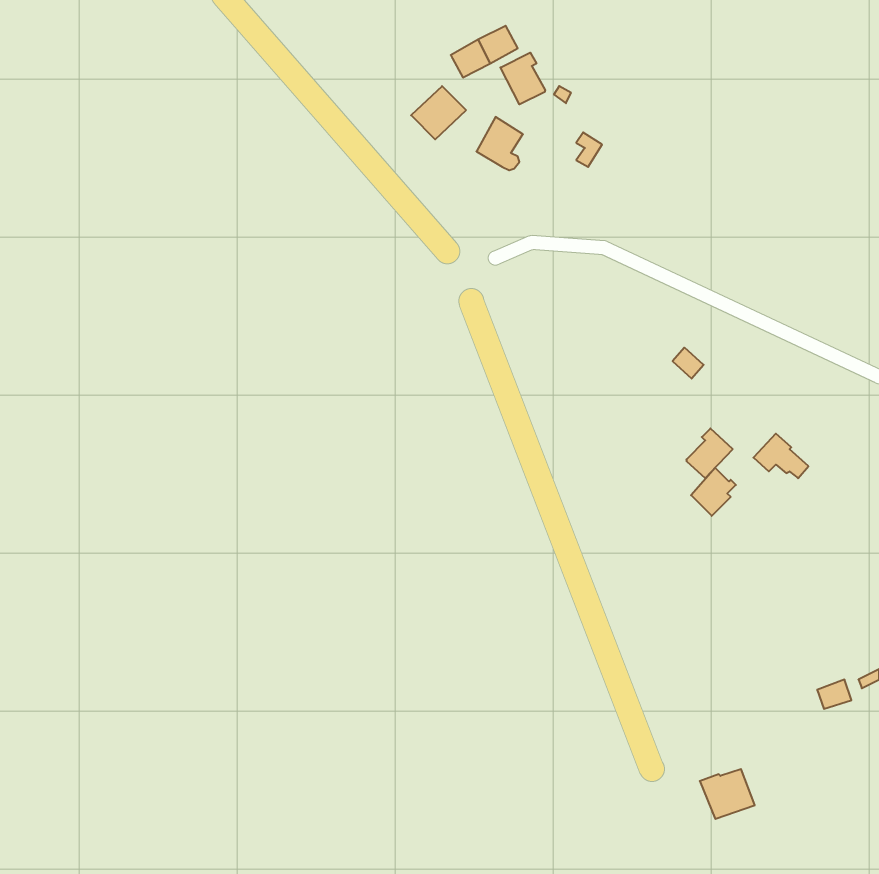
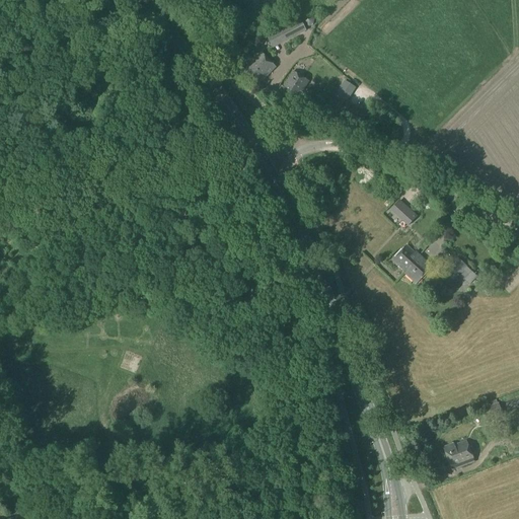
building: [500,53,545,104] -> none
building: [691,468,736,516] -> [392,242,419,271]
building: [700,769,755,819] -> [442,438,474,467]

